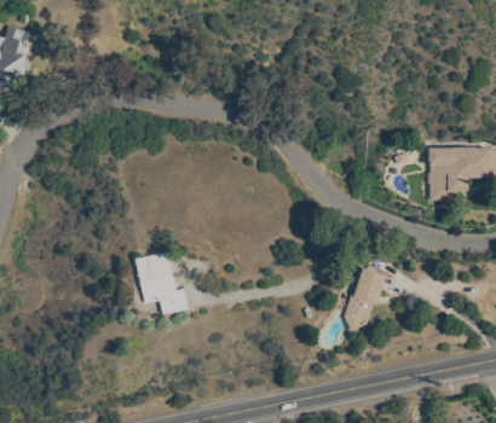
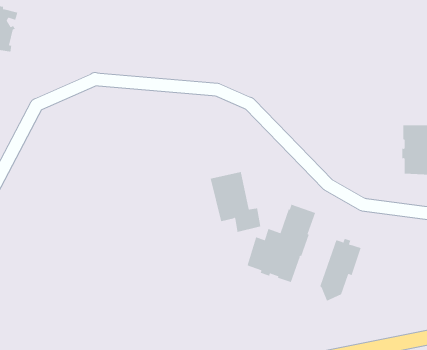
building: none -> [247,204,316,283]
building: [135,251,189,314] -> [210,172,261,232]

